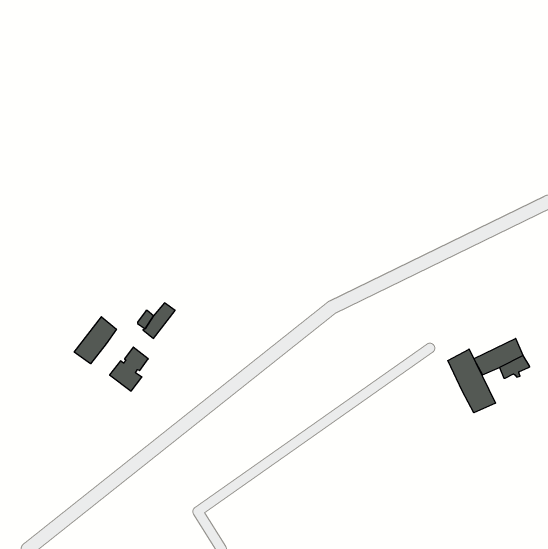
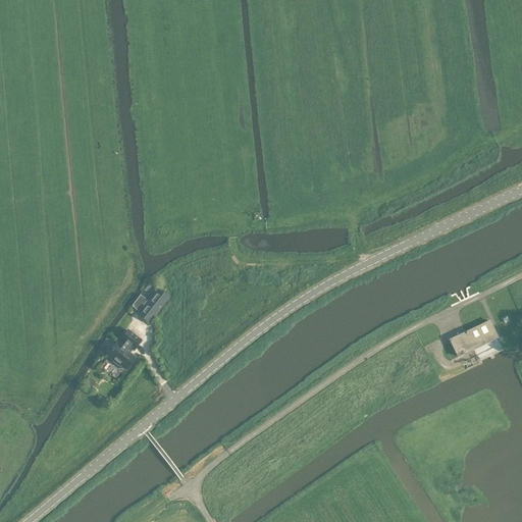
building: [74,317,116,364] -> none
building: [448,349,495,413] -> none

